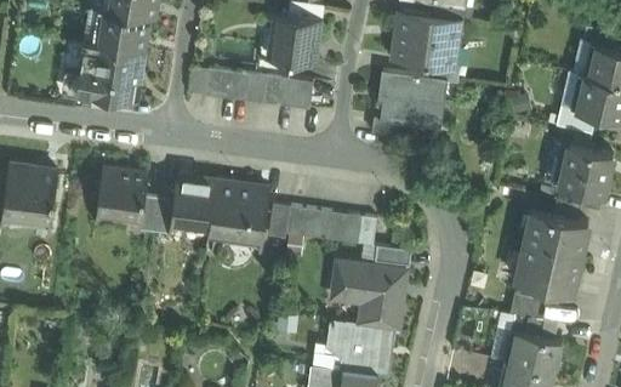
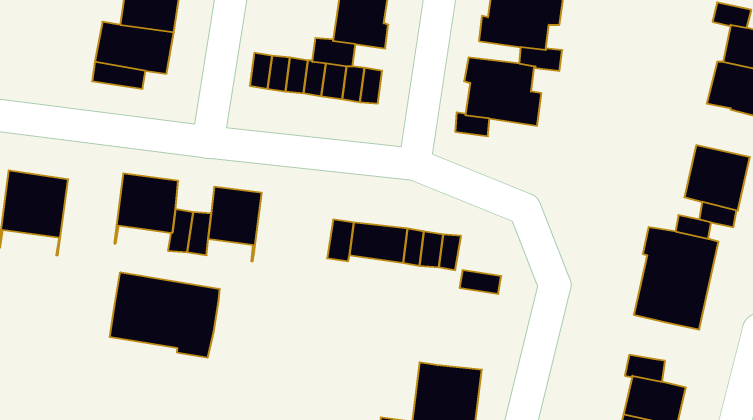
building: [557,104,597,133] -> none
building: [209,182,269,238] -> none
building: none -> [110,272,220,358]
building: [332,260,406,328] -> none
building: [509,281,543,318] -> none

